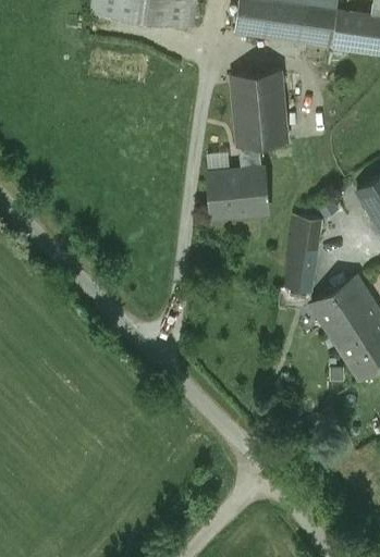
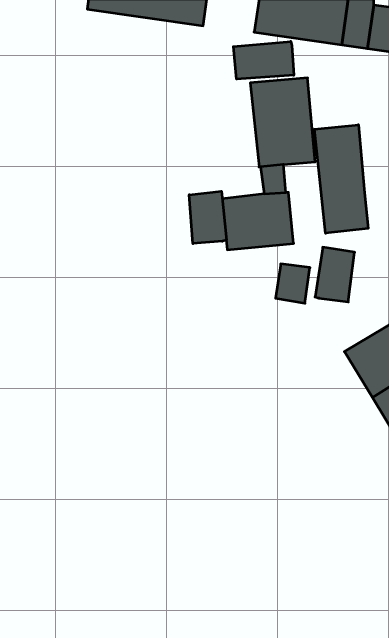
building: none -> [233,41,294,79]
building: none -> [314,125,368,233]
building: none -> [189,191,226,244]
building: [285,259,315,293] -> [276,264,310,303]

